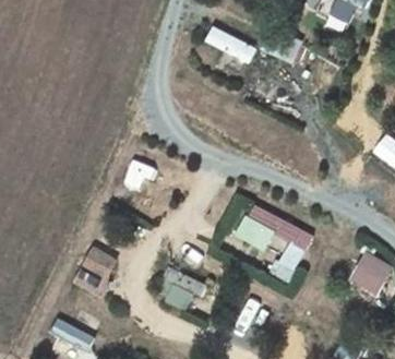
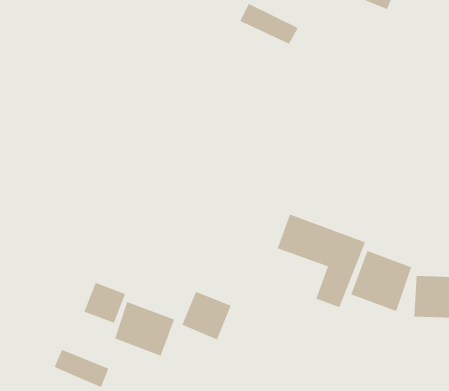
building: none -> [350,250,412,312]
building: none -> [114,301,175,356]

